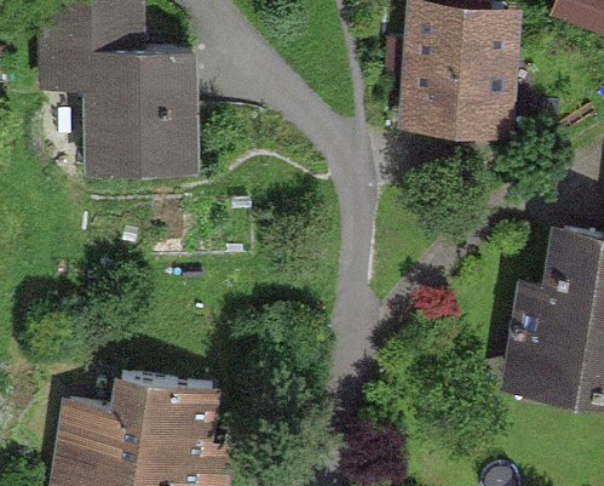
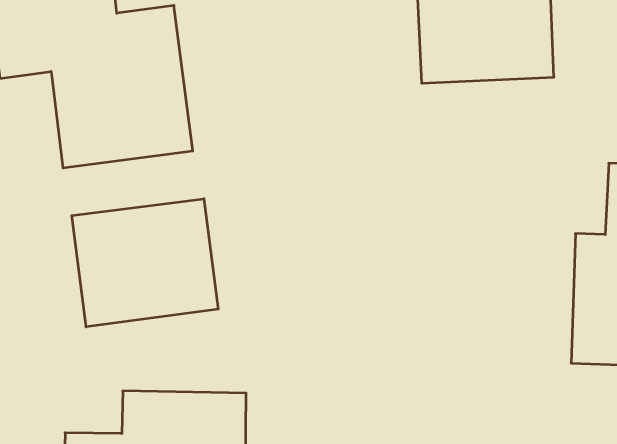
building: none -> [72,199,218,327]

